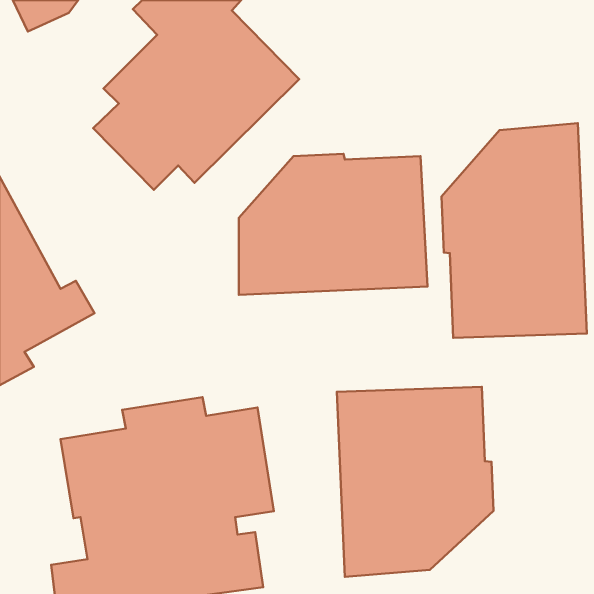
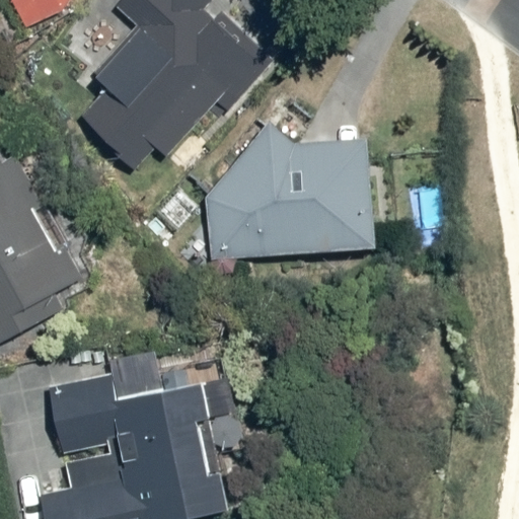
building: [442,123,587,338] -> none
building: [337,387,493,577] -> none

